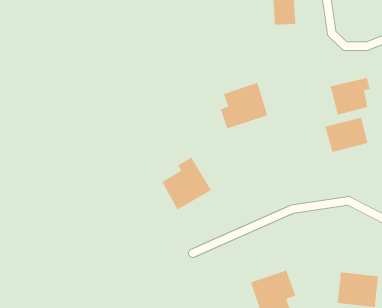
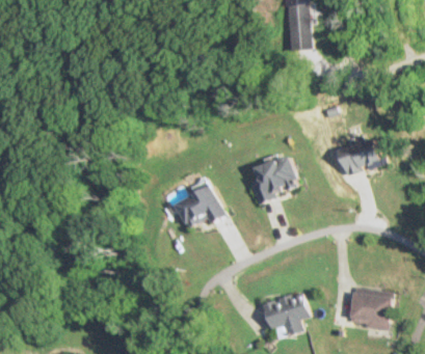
building: [330,77,370,116] -> none
building: [220,82,268,129] -> [251,154,299,200]

